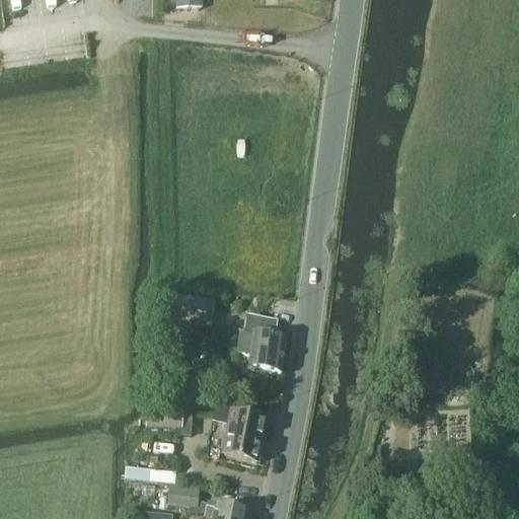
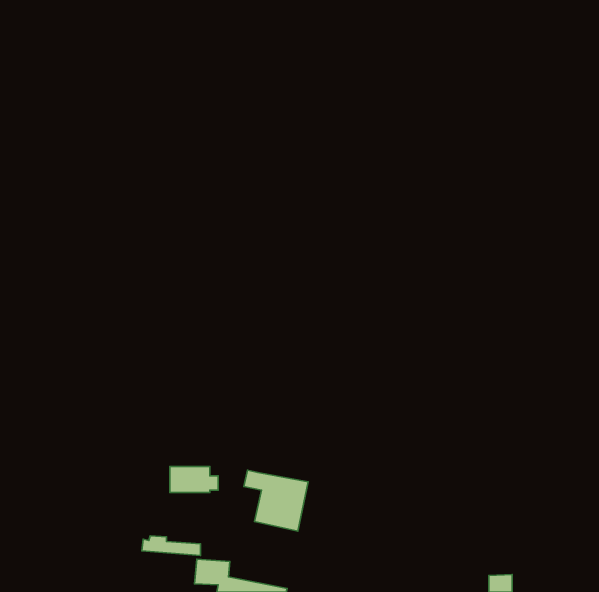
building: [175,292,215,322] -> none
building: [237,319,285,370] -> none

